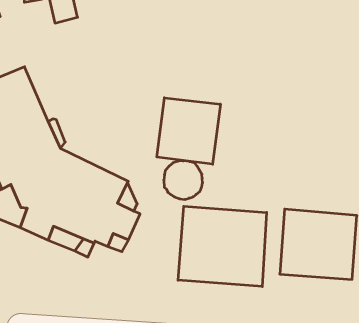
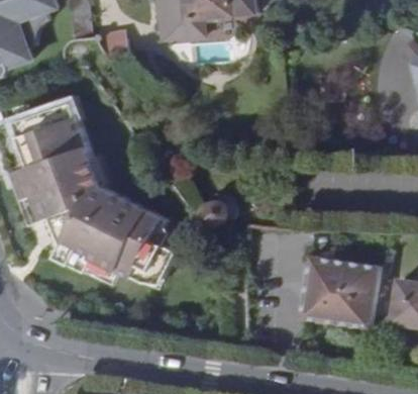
building: [157,98,220,164] -> none
building: [178,206,267,287] -> none

